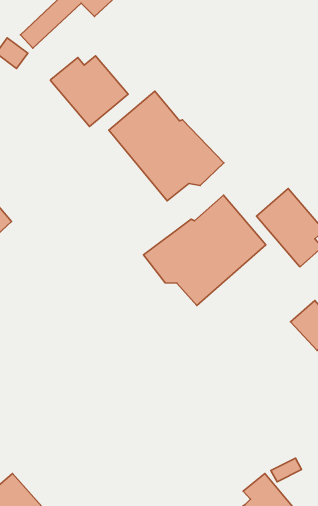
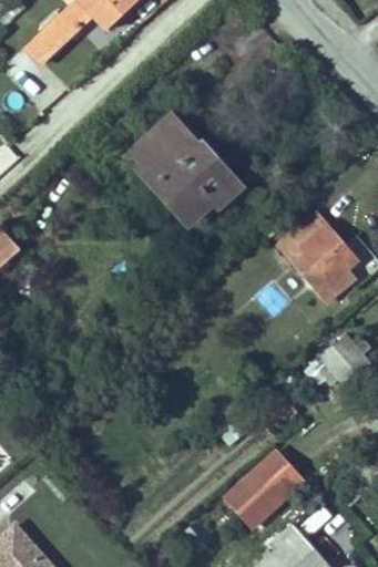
building: [51,56,128,126] -> none
building: [144,195,266,305] -> none
building: none -> [219,447,305,530]

